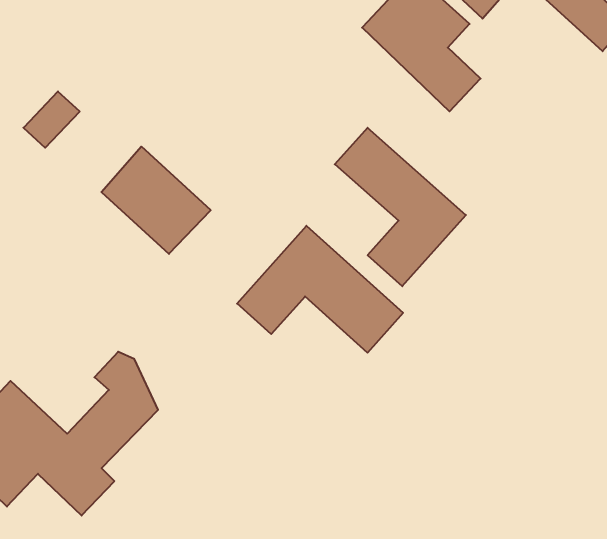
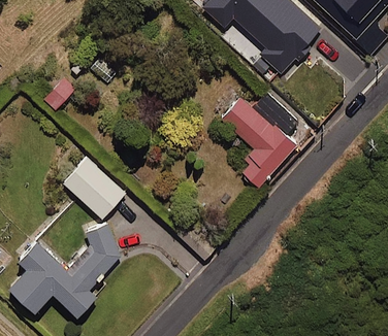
building: [101,147,211,254] -> [64,157,126,217]
building: [237,226,403,353] -> none

